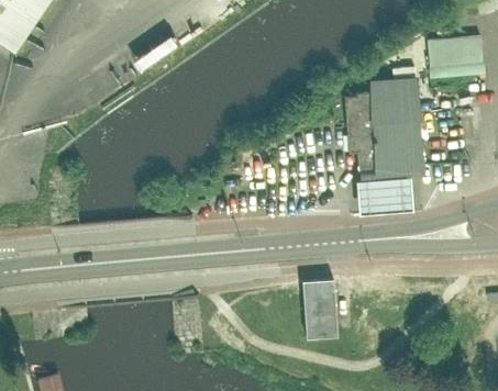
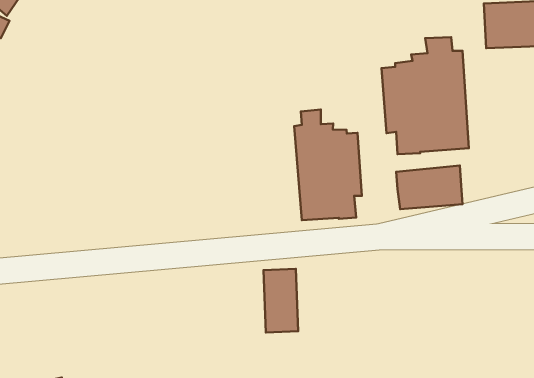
building: none -> [294,109,362,220]
building: [310,280,341,336] -> [263,269,298,332]

